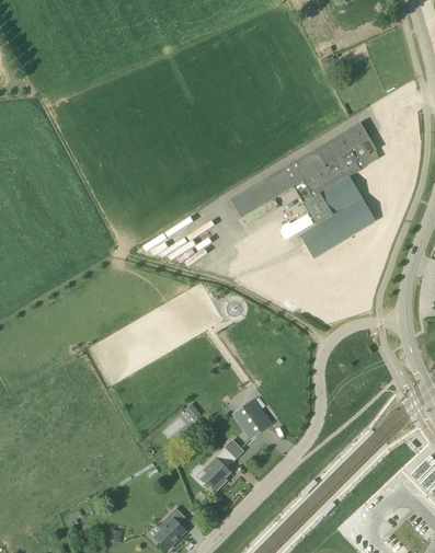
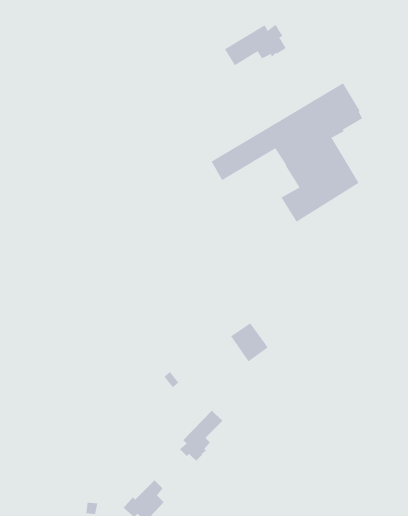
building: none -> [224,24,287,66]
building: [234,399,272,437] -> [230,323,268,362]

